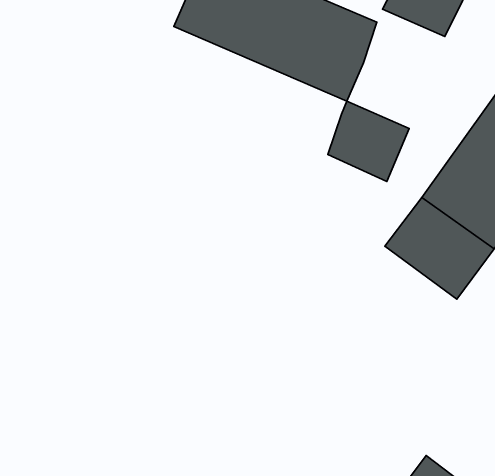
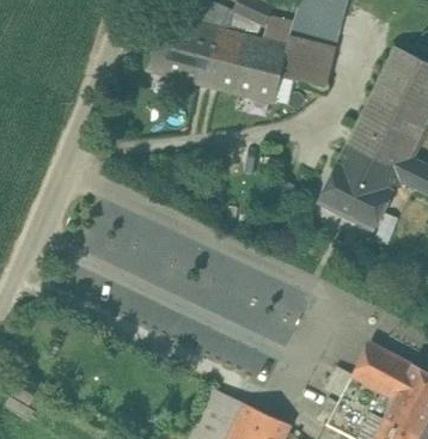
building: [328,101,409,181] -> [282,36,336,87]

